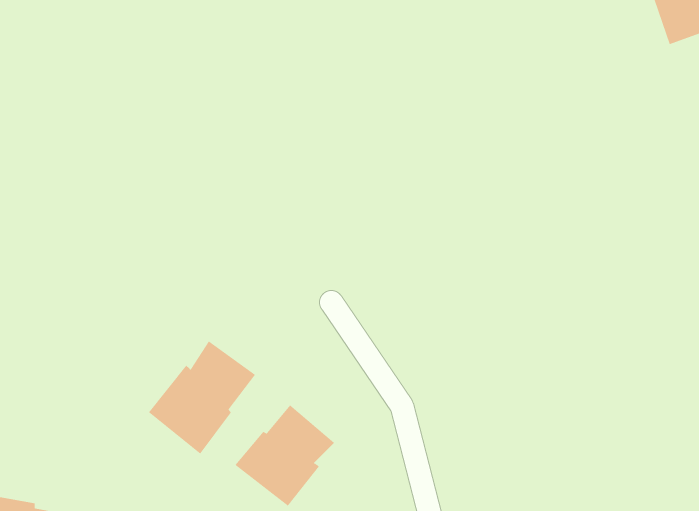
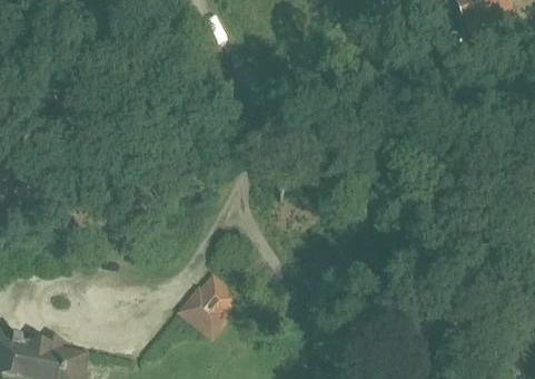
building: [148,341,256,454] -> none

